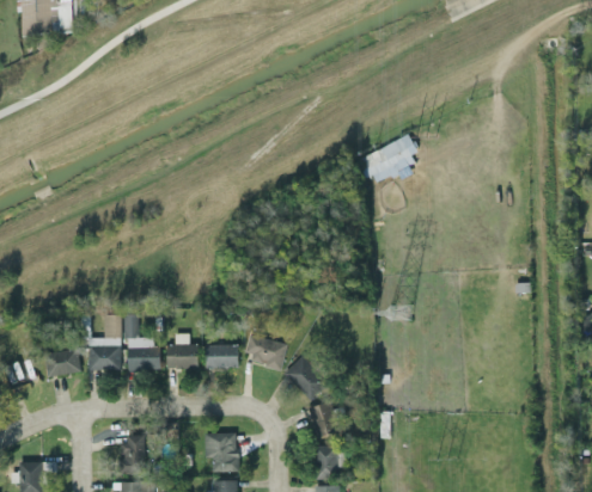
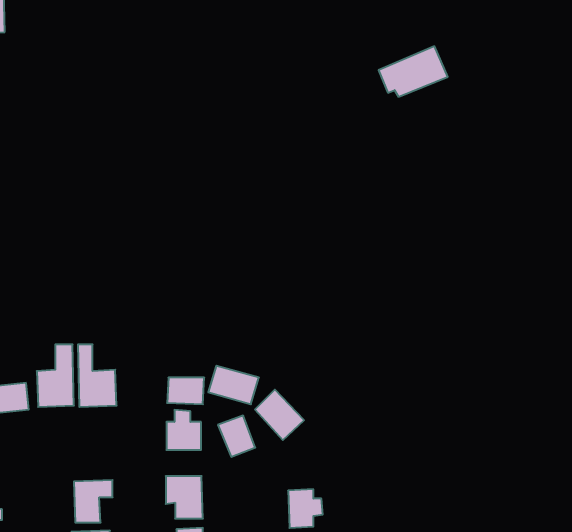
building: [358,136,420,182] -> [379,46,448,97]
building: [167,333,199,369] -> [166,410,201,450]
building: [309,401,342,438] -> [218,416,255,457]

